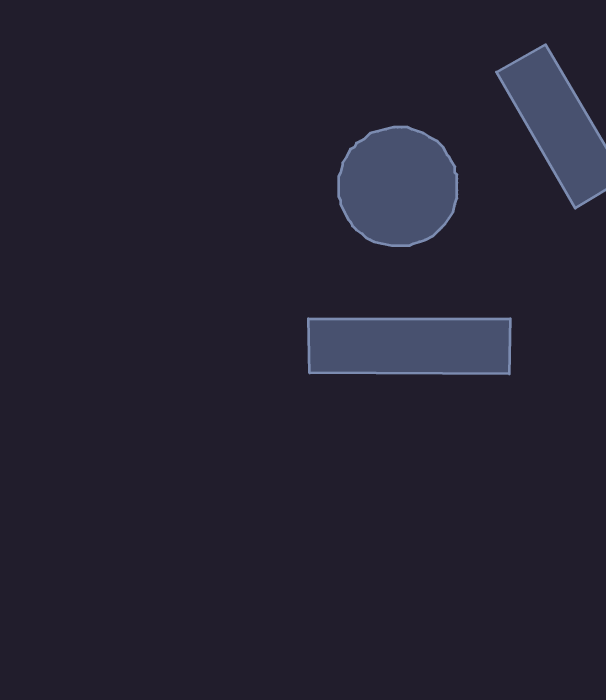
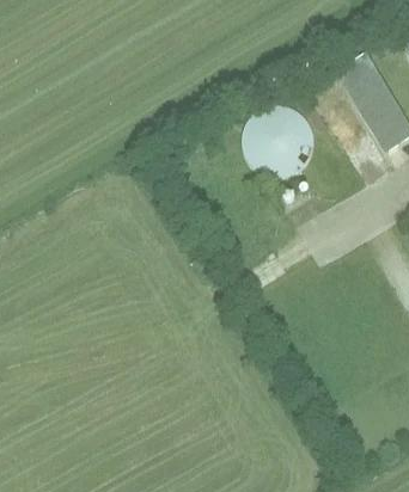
building: [308,319,510,374] -> none

